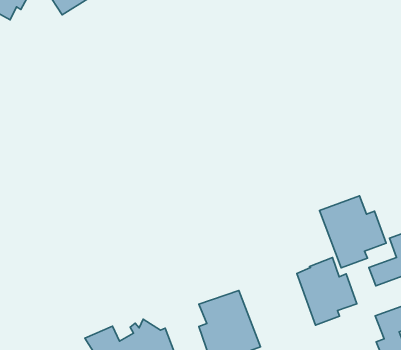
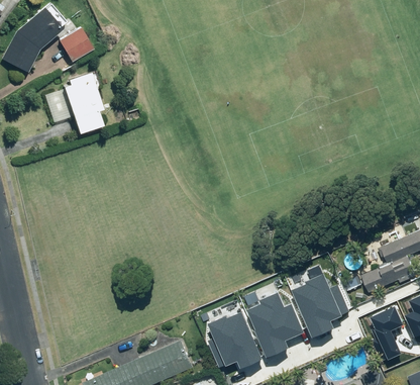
building: none -> [44,71,100,133]
building: [320,196,386,268] -> [248,285,310,351]

